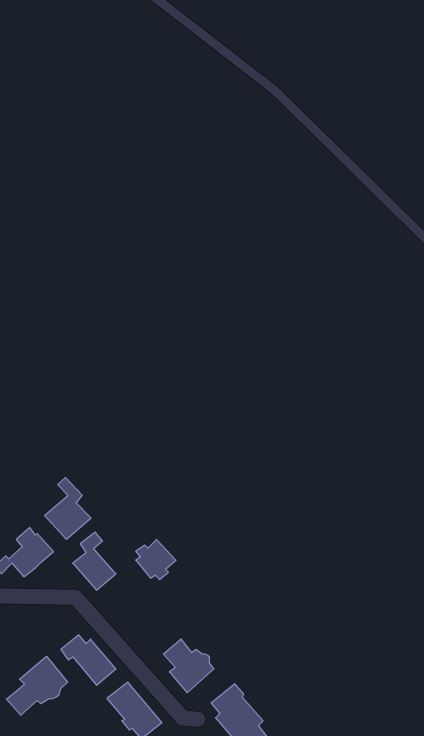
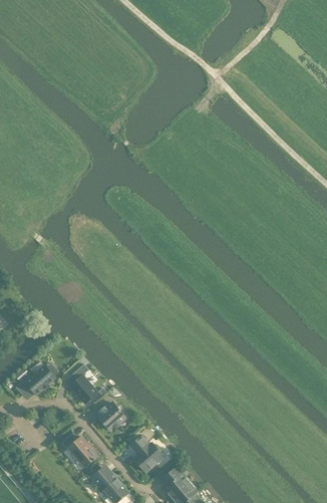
building: [45,477,91,539] -> none
building: [136,539,176,580] -> [99,404,126,431]
building: [6,656,68,715] -> none

